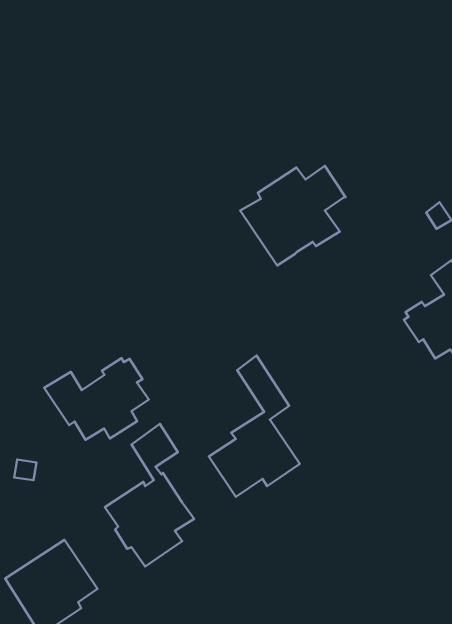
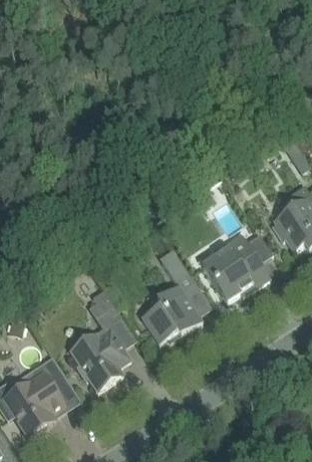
building: [240,166,346,266] -> [203,232,274,299]
building: [44,358,149,440] -> none

